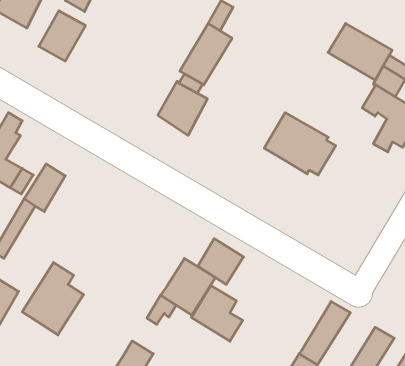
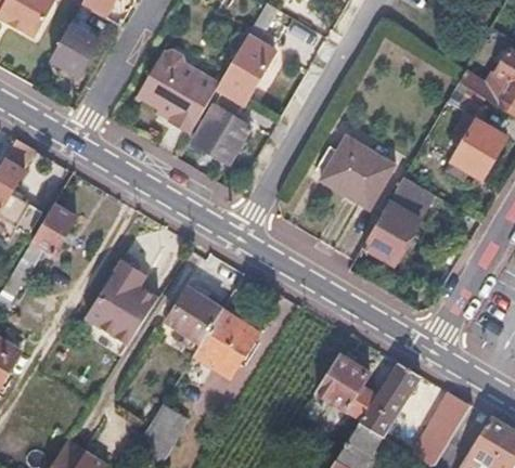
building: [328,23,392,80] -> none
building: none -> [139,49,222,134]
building: none -> [361,177,434,264]
building: [198,239,244,284] -> [169,288,223,342]
building: [22,262,84,335] -> [88,259,160,344]
building: [191,285,243,341] -> [317,352,377,418]

